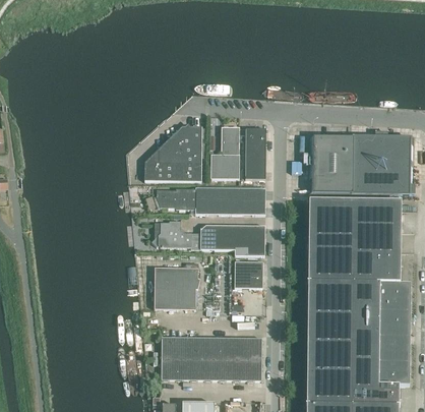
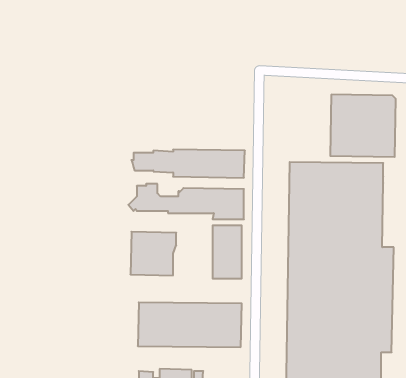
building: [144,125,201,181] -> none
building: [210,127,239,179] -> none
building: [245,128,265,179] -> none
building: [309,132,350,193] -> none

